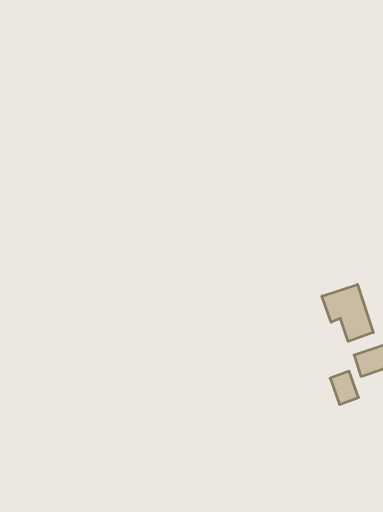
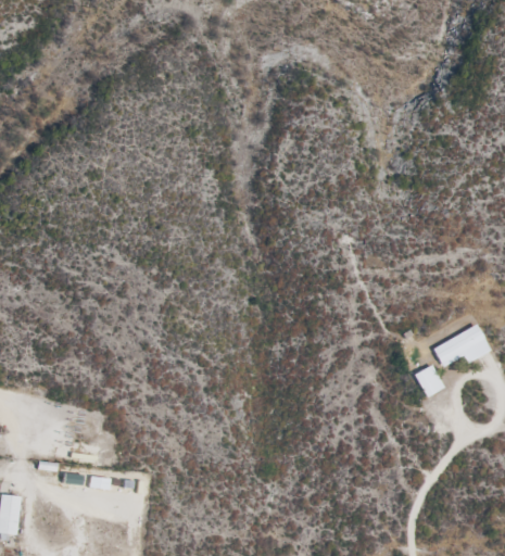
building: [322,284,373,341] -> none

